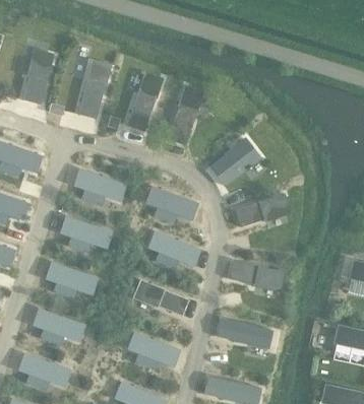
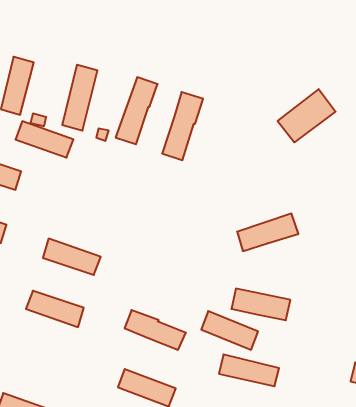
building: [208,138,260,186] -> [278,89,336,142]
building: [73,170,125,202] -> [15,121,73,158]
building: [145,187,197,220] -> none
building: [148,231,199,266] -> [201,311,258,350]
building: [33,309,84,342] -> none

